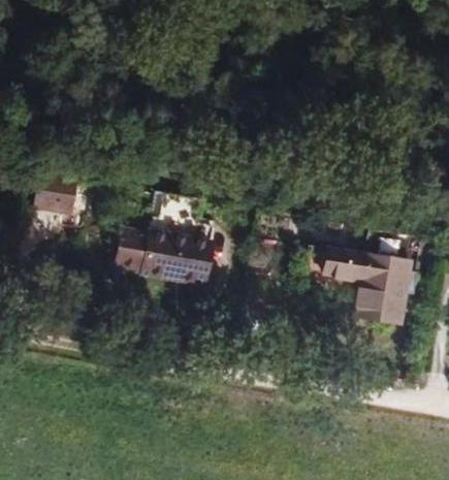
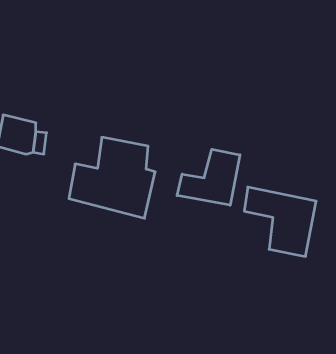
building: none -> [177,149,240,205]

